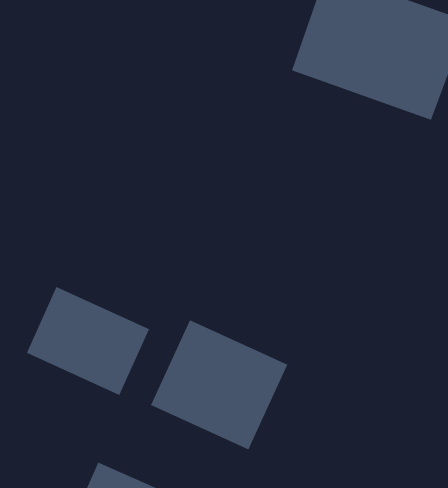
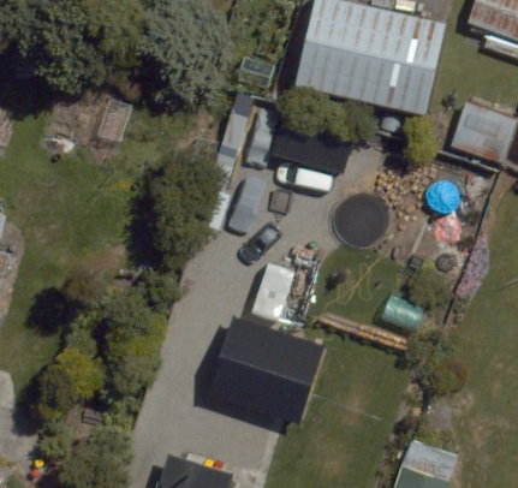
building: [26,286,150,396] -> none

